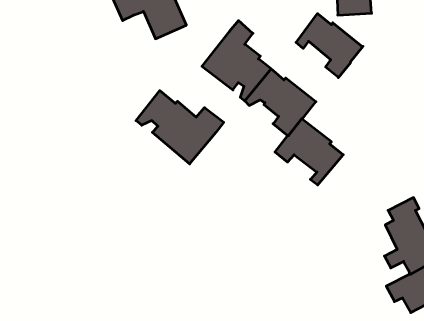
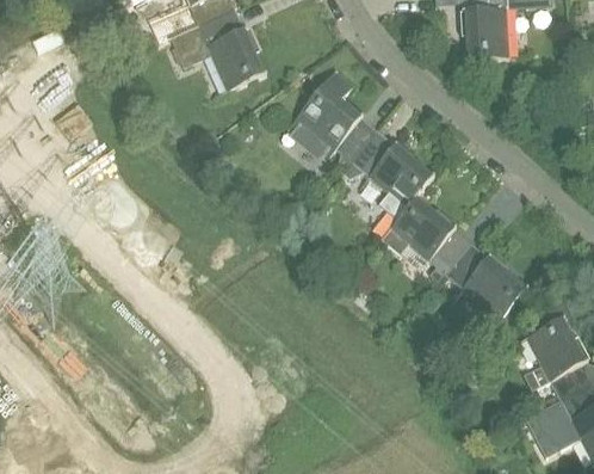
building: [296,14,363,78] -> none
building: [136,91,224,164] -> none
building: none -> [439,244,530,319]

